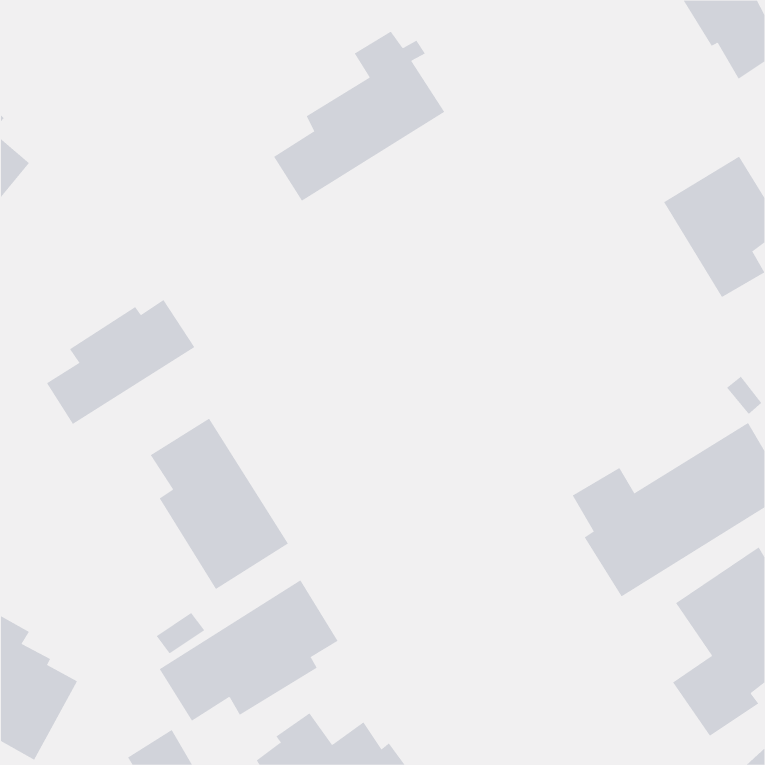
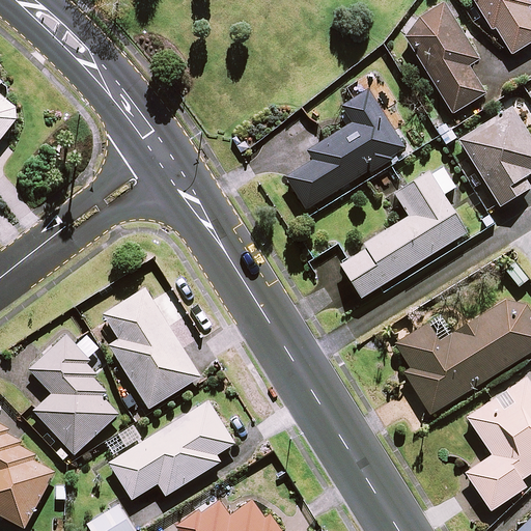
building: none -> [401,4,485,114]
building: [273,31,445,202] -> [286,91,406,209]
building: none -> [341,166,466,298]
building: [46,299,195,425] -> none
building: none -> [30,330,118,454]

